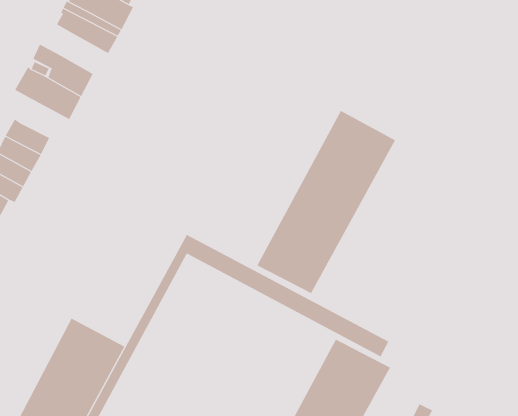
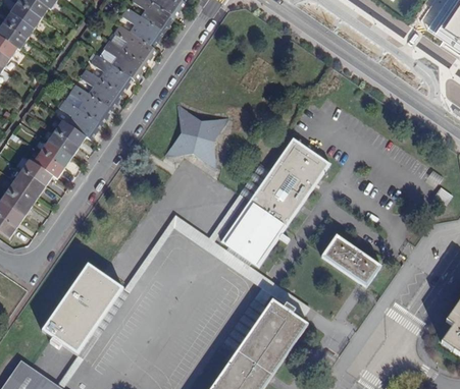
building: none -> [90,54,132,94]
building: none -> [165,105,227,167]
building: none -> [59,99,101,138]
building: none -> [321,235,380,286]

